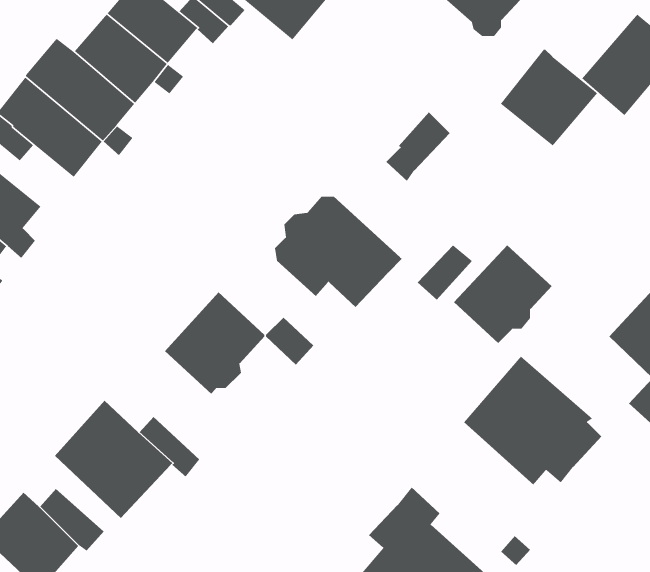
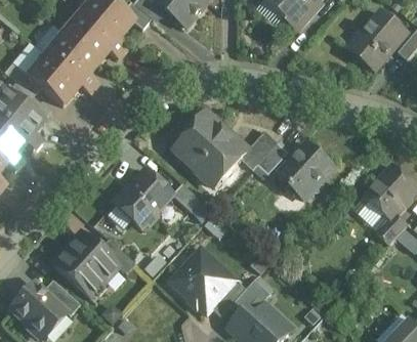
building: [500,49,598,147] -> none
building: [386,111,451,182] -> [241,129,278,169]
building: [463,355,602,485] -> [167,243,246,316]

